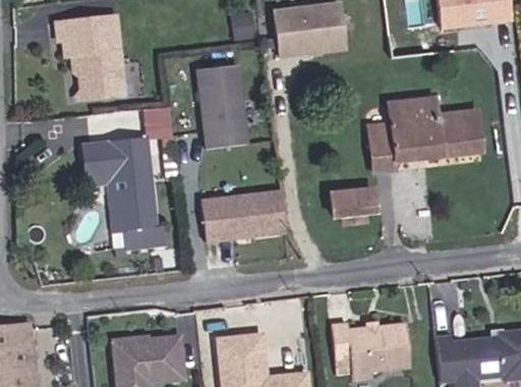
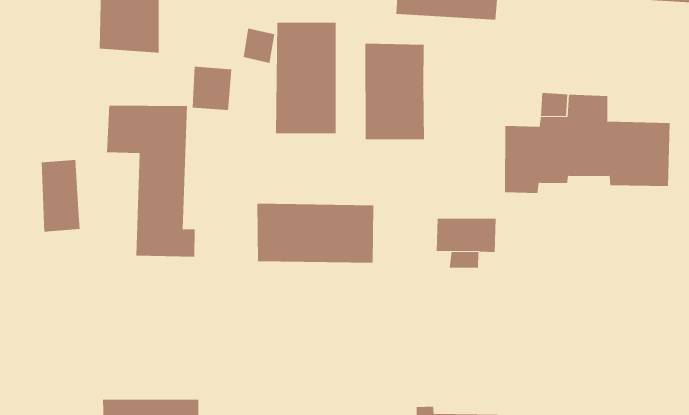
building: none -> [365,43,424,140]
building: none -> [41,159,80,232]

